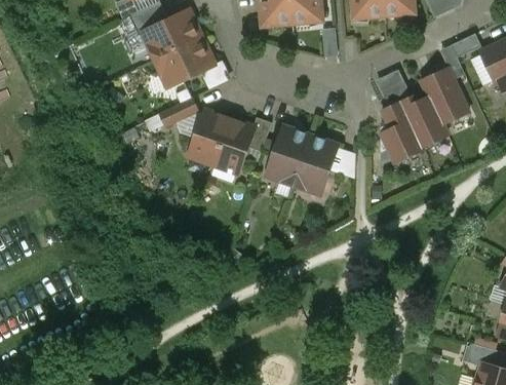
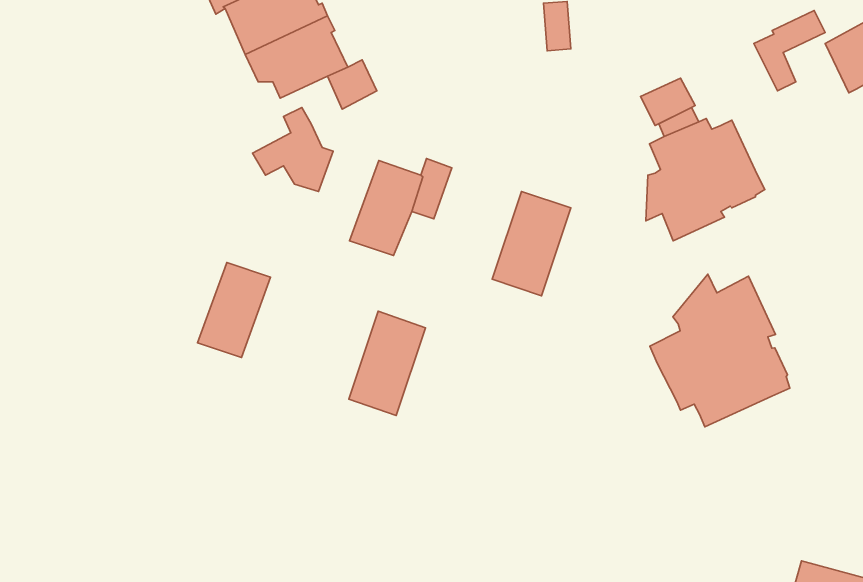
building: [421,68,469,127] -> none
building: [189,111,230,164] -> [197,263,271,358]
building: [267,127,310,186] -> [349,311,426,416]
building: none -> [650,274,790,427]

